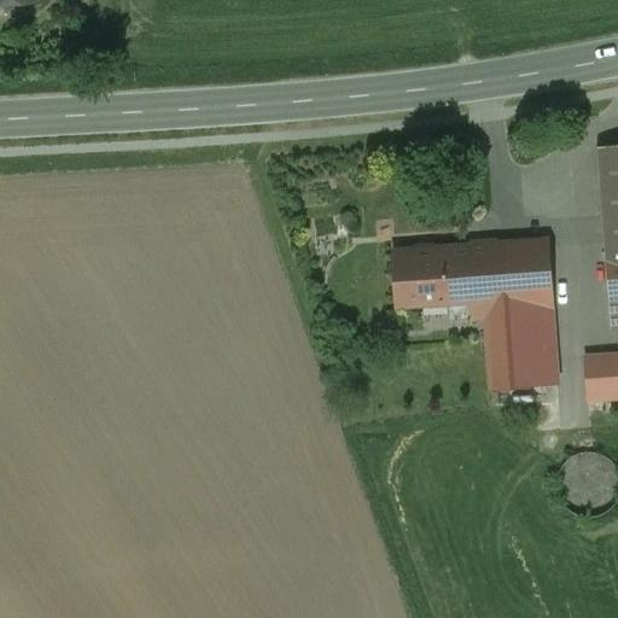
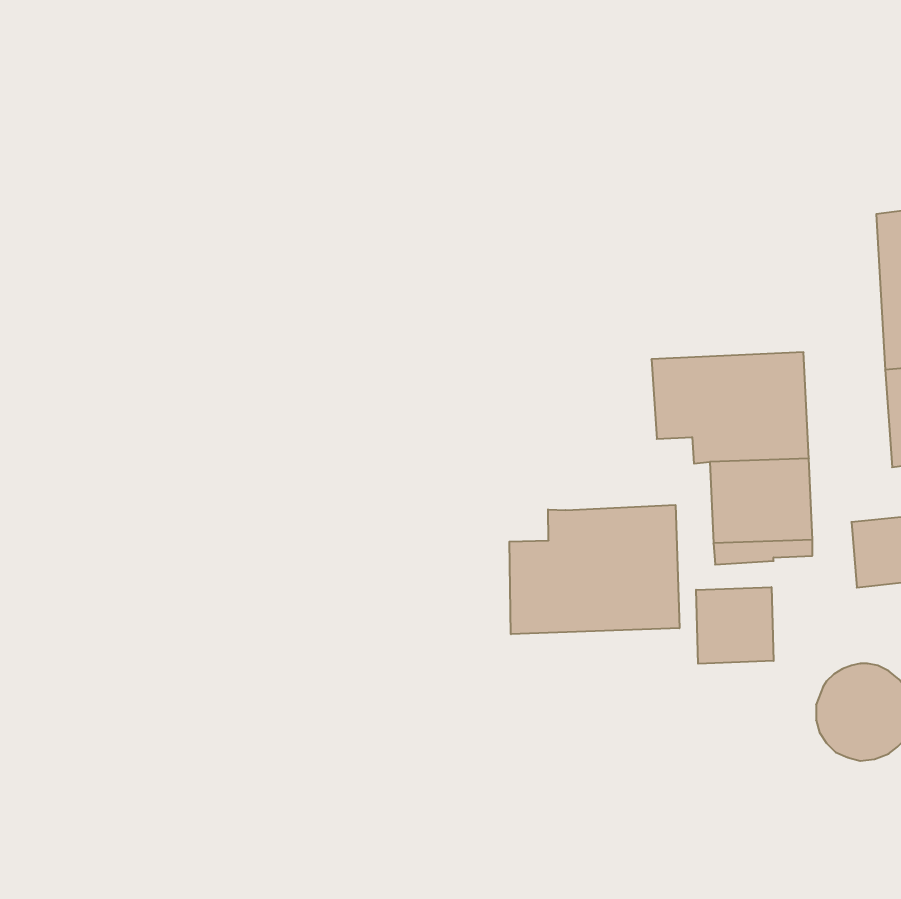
building: [396,245,450,302] -> none
building: none -> [509,505,679,634]
building: none -> [696,587,774,664]

